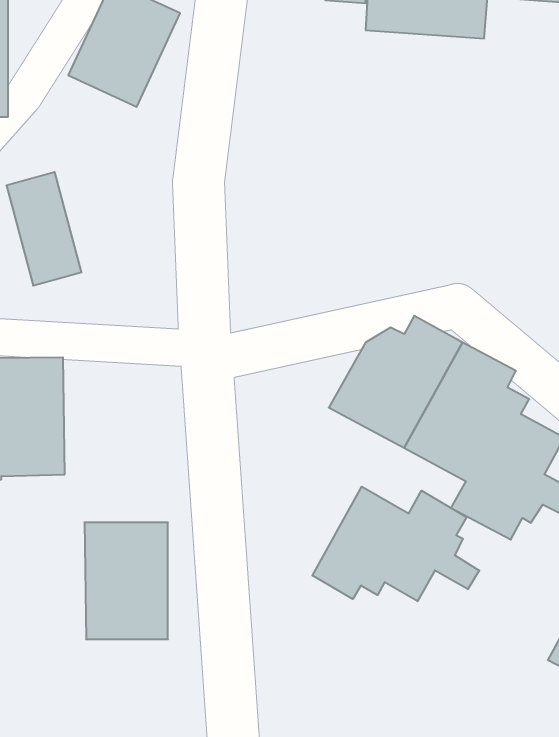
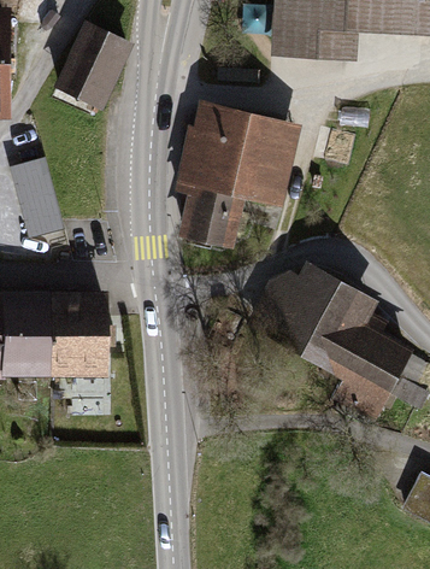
building: none -> [172,100,300,248]
building: [312,487,479,601] -> none
building: [84,522,168,639] -> [51,291,111,375]

